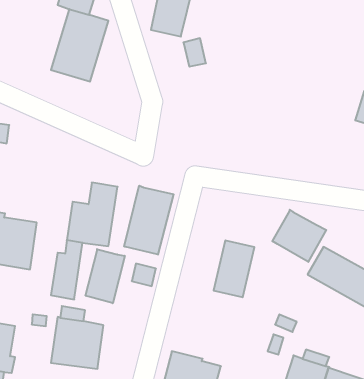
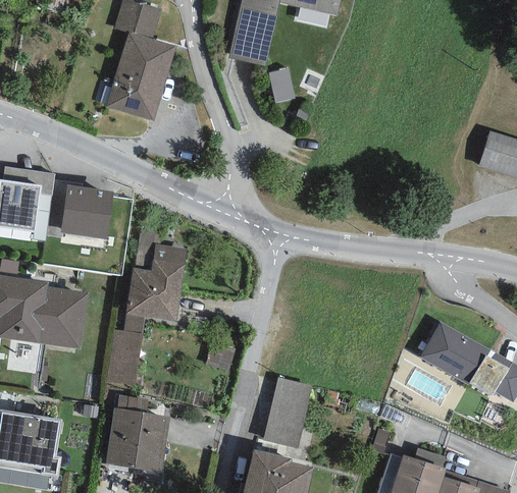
building: none -> [59,184,112,238]
building: [124,186,174,255] -> none
building: [272,210,326,262] -> none
building: [214,240,254,297] -> [262,377,312,446]
building: [86,249,125,303] -> none

